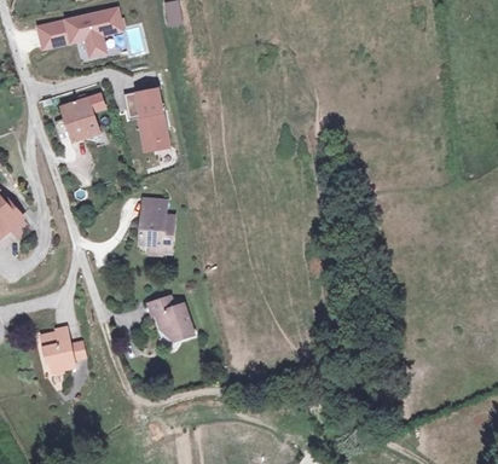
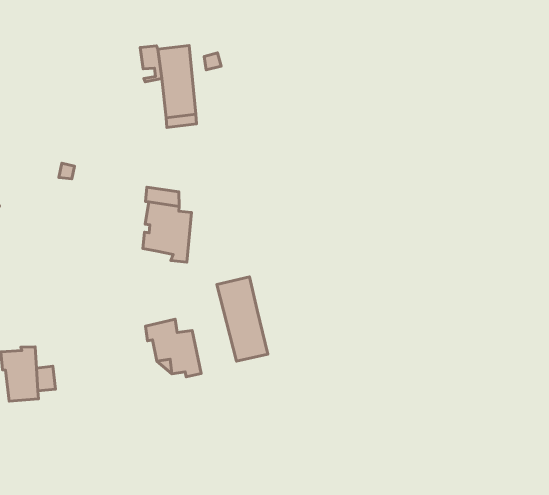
building: [63,97,104,141] -> none
building: none -> [217,277,268,361]

